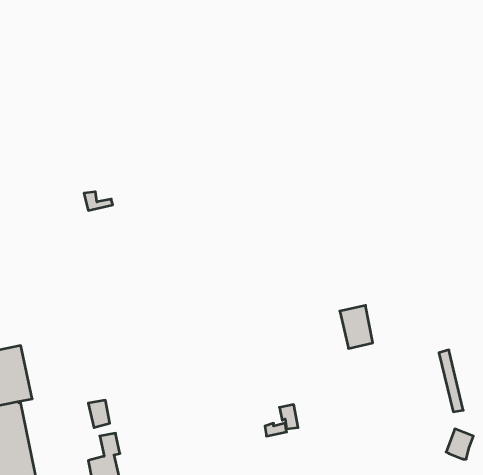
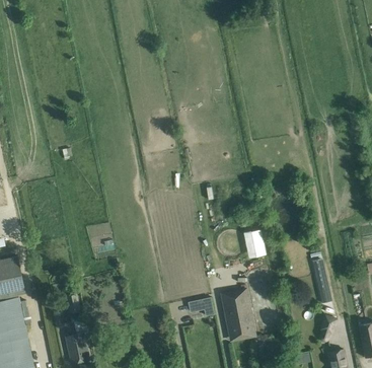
building: none -> [221,289,256,343]

